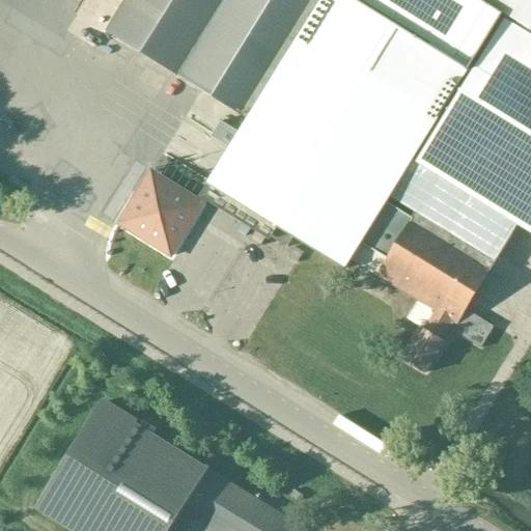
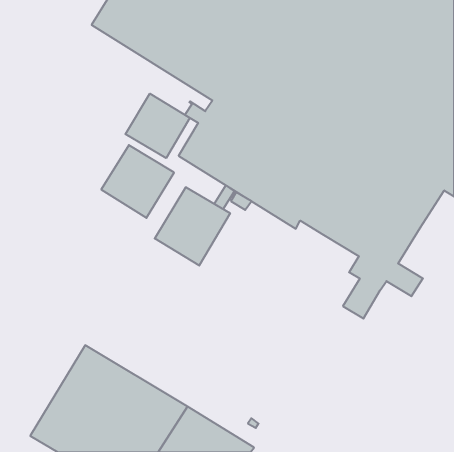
building: none -> [125,94,190,158]
building: none -> [155,187,230,266]

